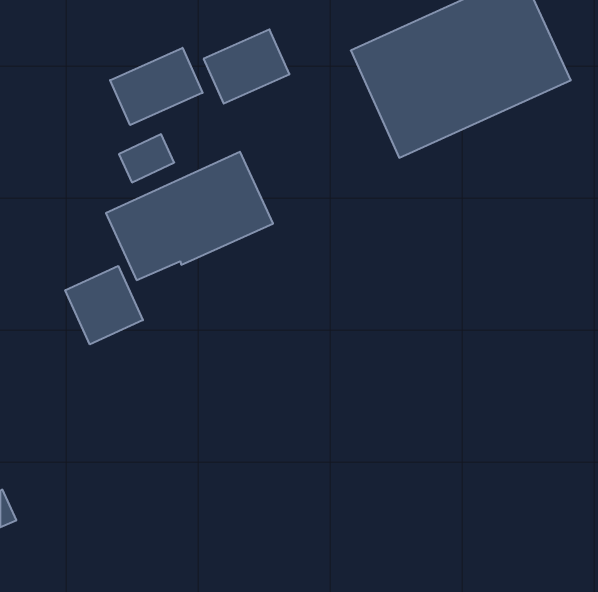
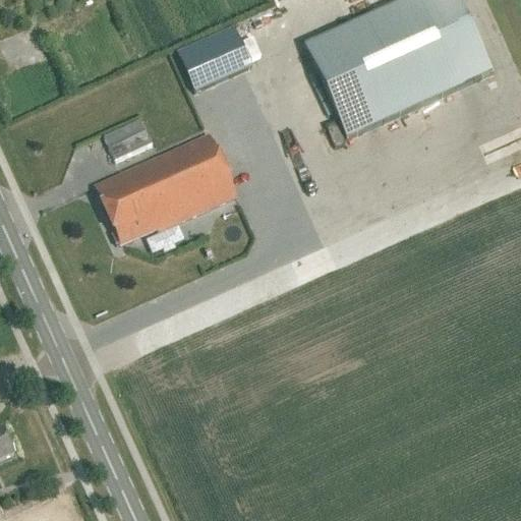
building: [110,48,203,125] -> none
building: [65,266,143,344] -> none

